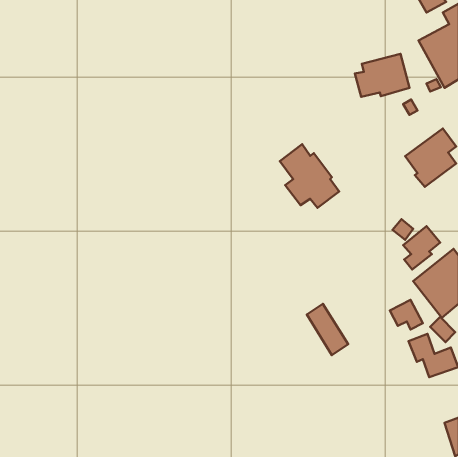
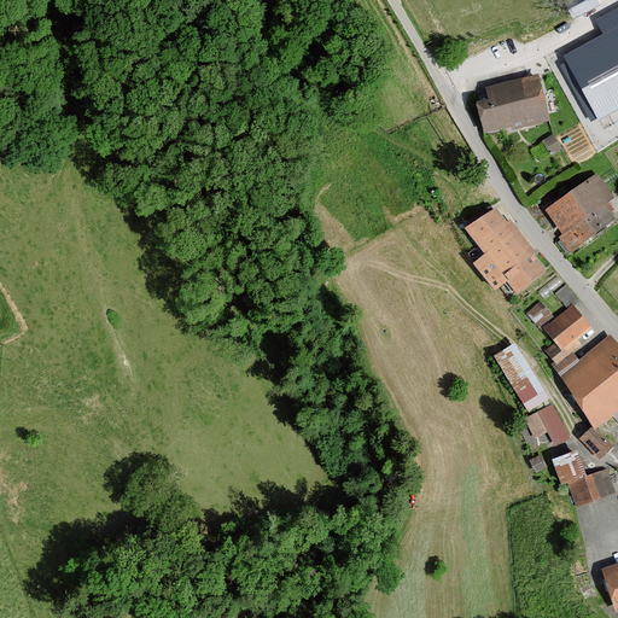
building: [280,144,339,208] -> [464,206,543,292]
building: [307,304,348,355] -> [492,342,548,410]

